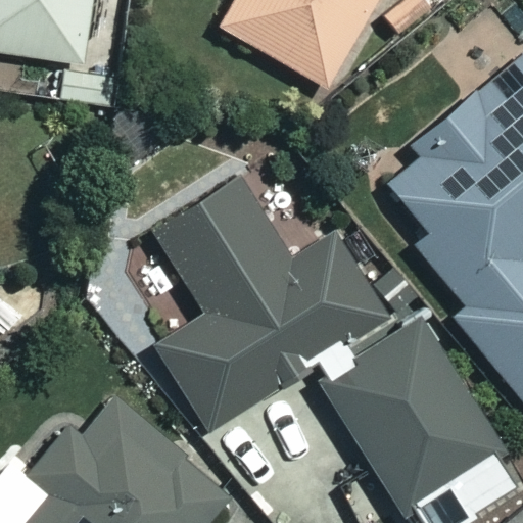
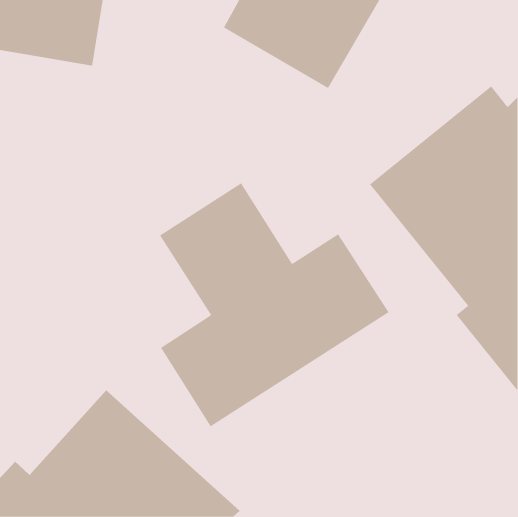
building: [326,325,502,510] -> none

